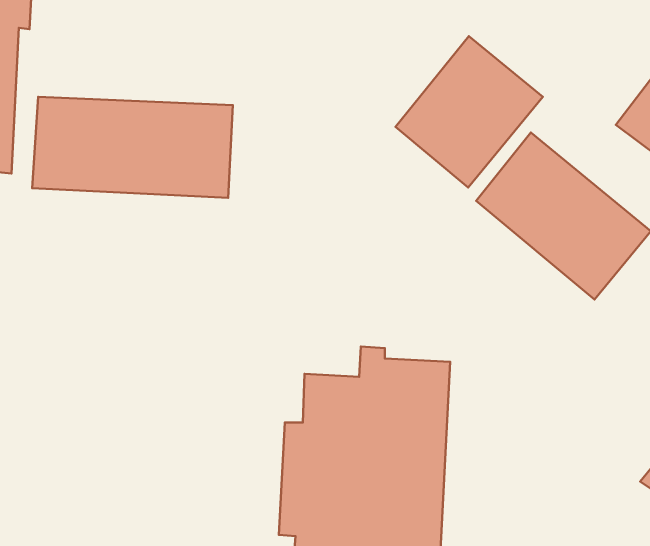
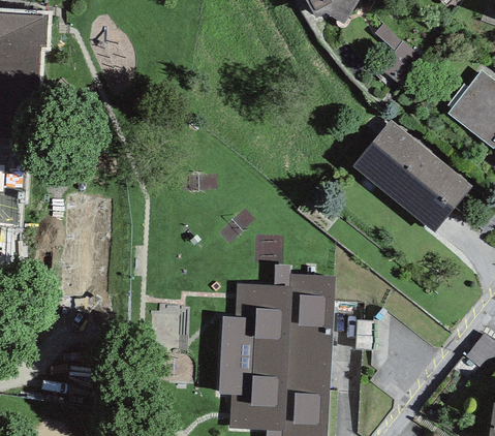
building: [395,36,543,188] -> none
building: [32,97,233,198] -> none

